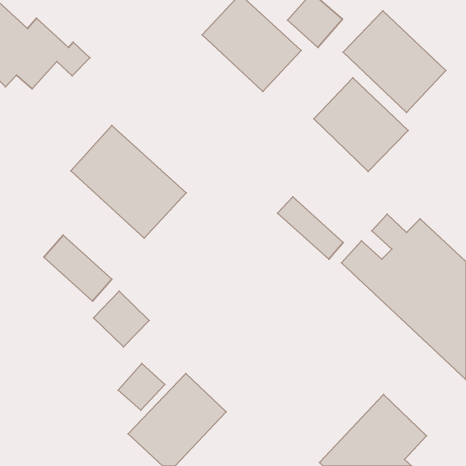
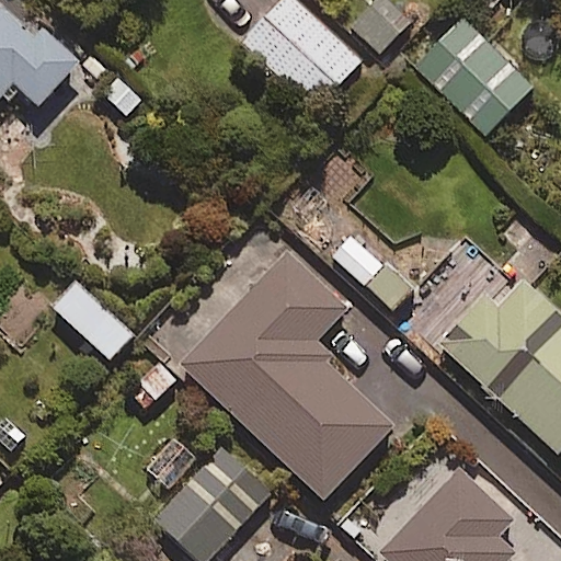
building: [314,78,408,172] -> none
building: [71,126,186,238] -> none
building: none -> [182,251,396,500]

